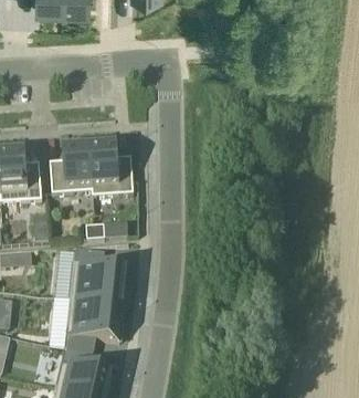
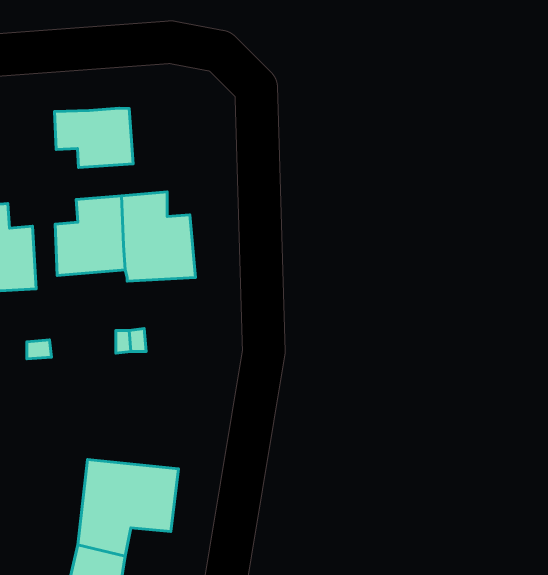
building: none -> [54,108,133,167]
building: [68,249,125,304] -> none

